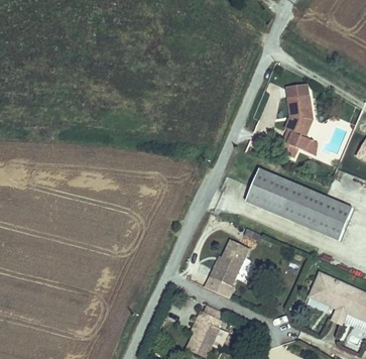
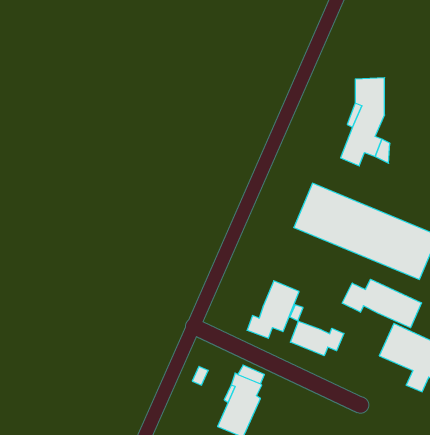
building: none -> [342,279,421,328]
building: none -> [290,321,344,356]

